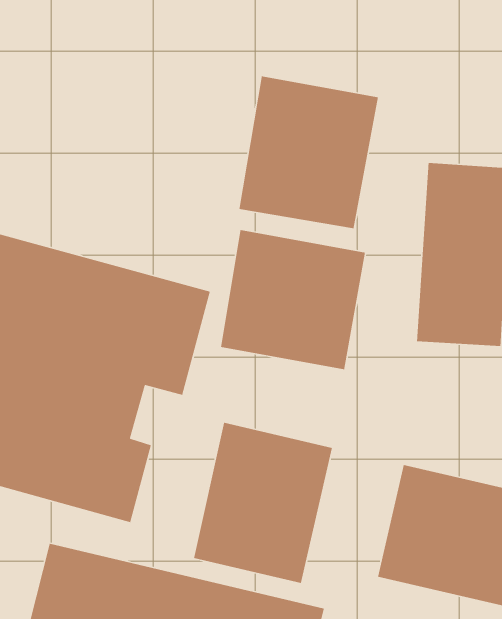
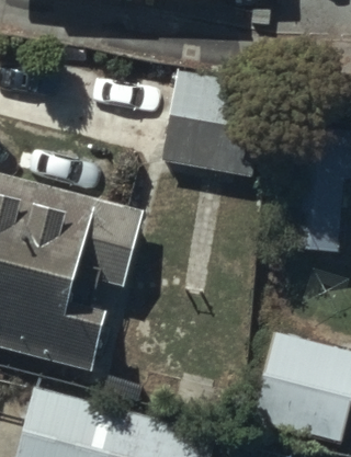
building: [220,229,366,370] -> none
building: [193,422,333,584] -> none

